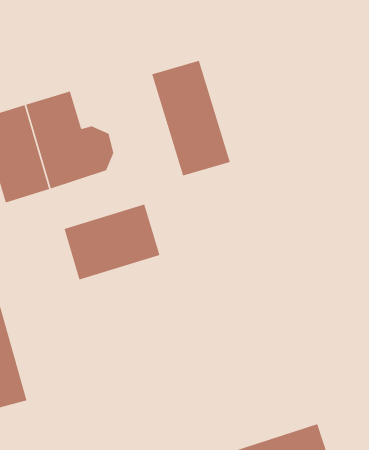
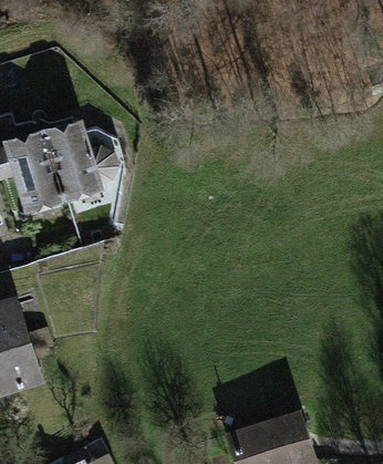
building: [151,60,231,177] -> none
building: [63,203,160,281] -> none

